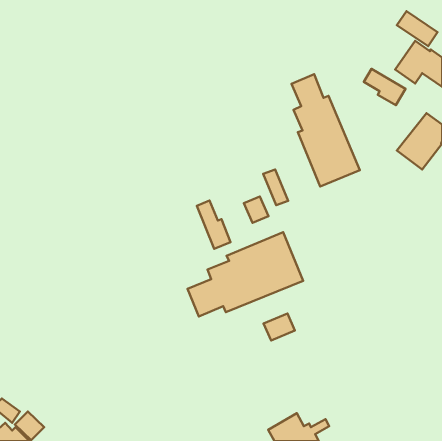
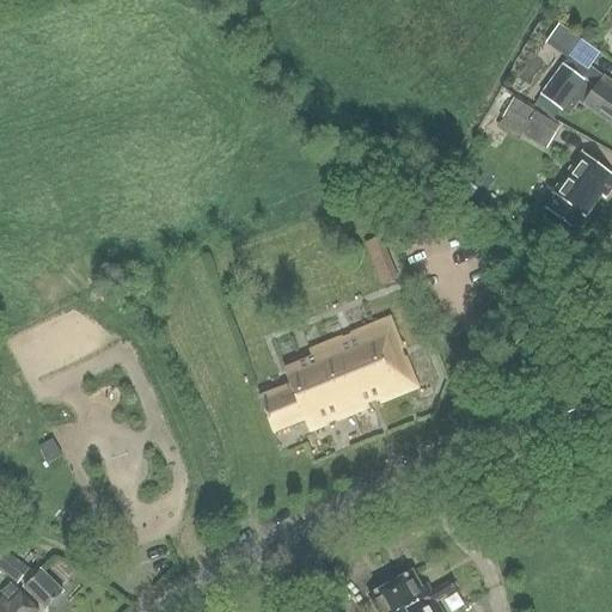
building: [292,74,360,186] -> none
building: [244,196,268,223] -> none
building: [197,201,230,249] -> none
building: [264,314,295,340] -> none

